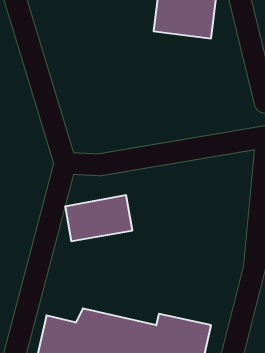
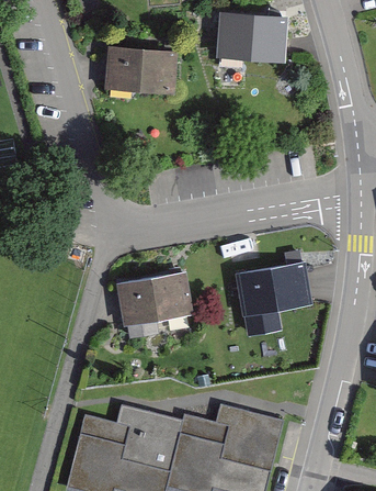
building: none -> [109,46,183,101]
building: none -> [233,260,306,332]

